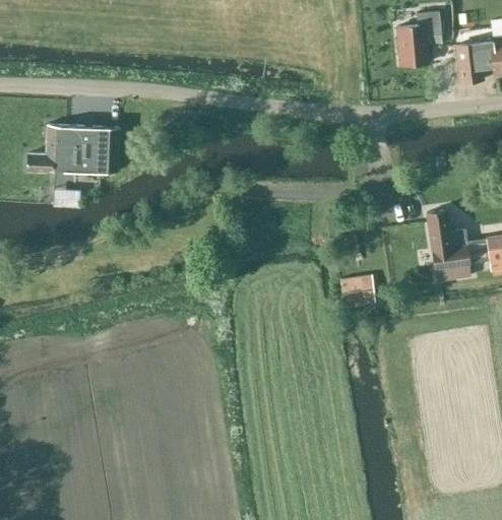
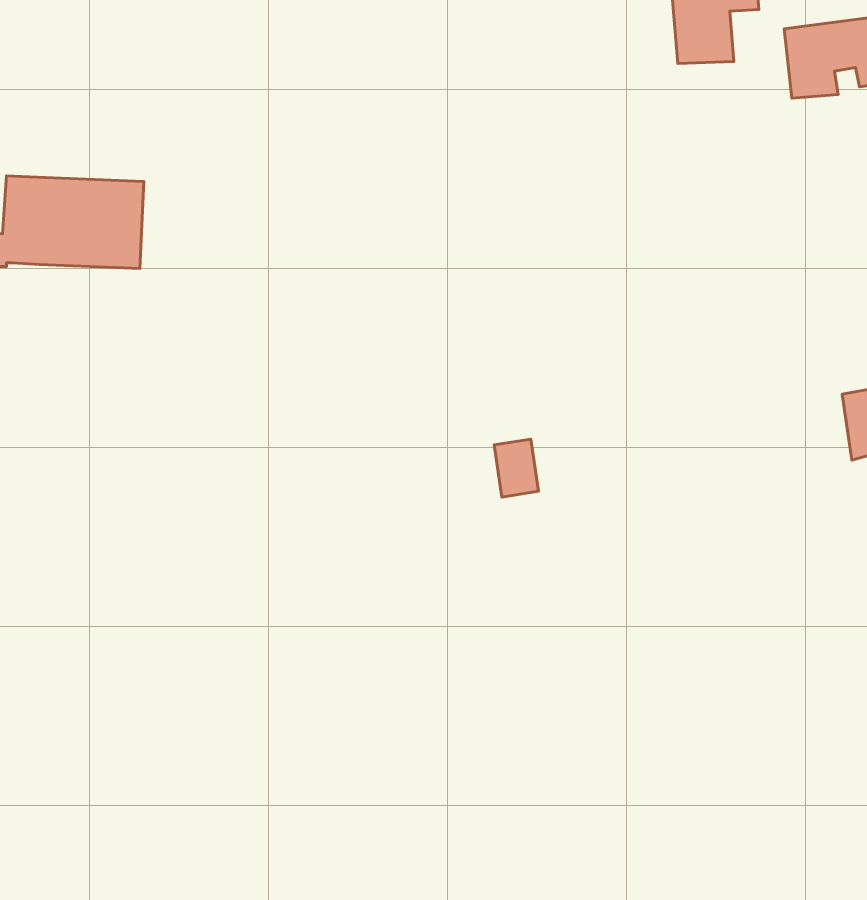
building: [427,212,479,269] -> none
building: [341,277,365,308] -> [494,439,539,497]

